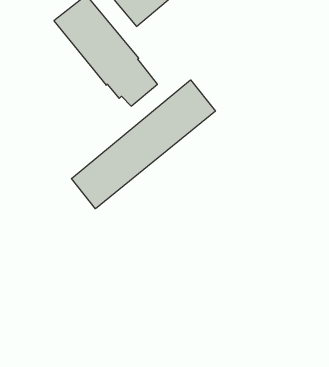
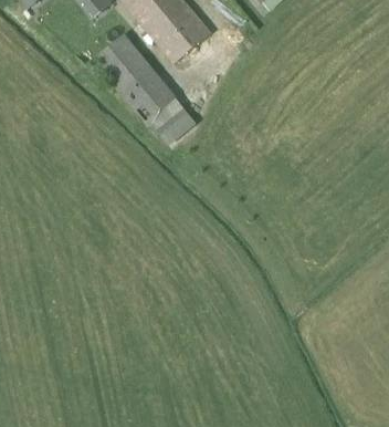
building: [71,80,215,209] -> none

